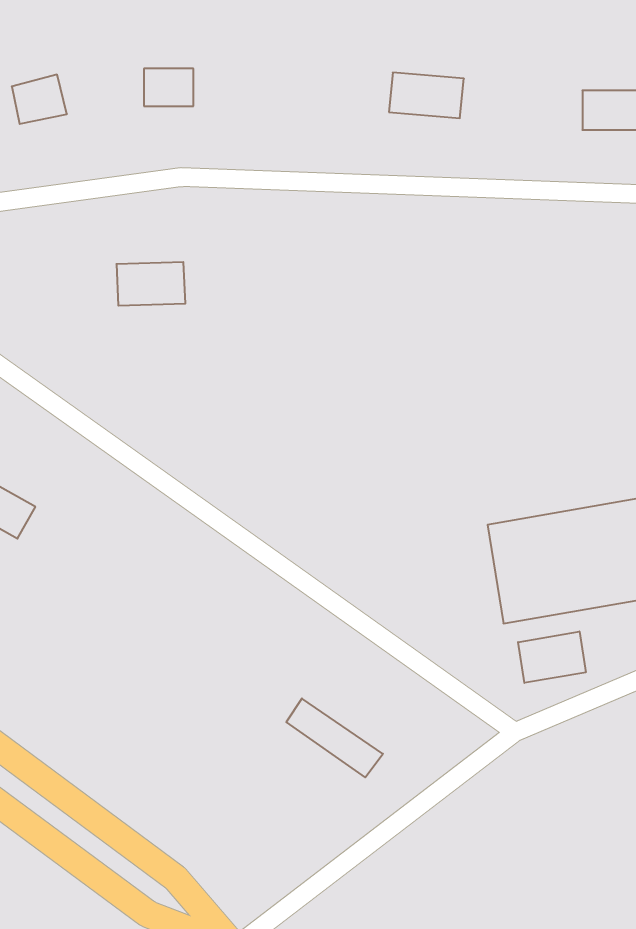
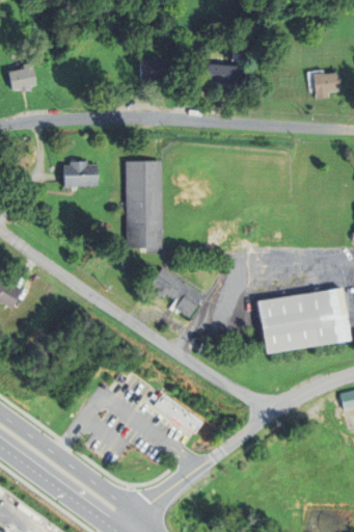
building: none -> [140,60,165,81]
building: none -> [125,160,163,247]
building: none -> [149,268,201,317]
building: [518,631,586,683] -> none

